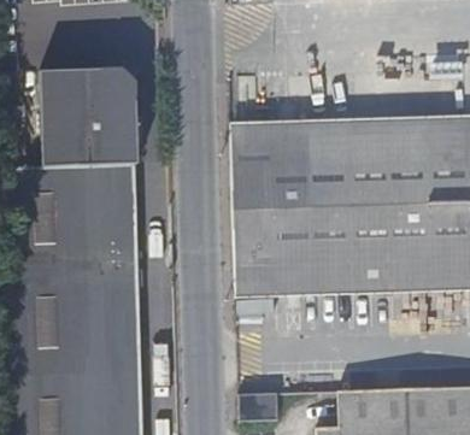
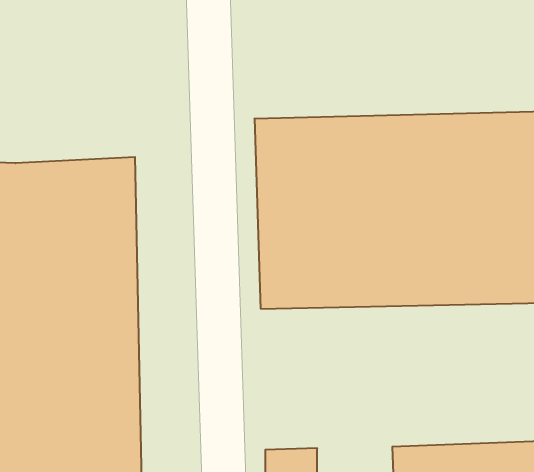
building: [40,71,137,167] -> none

